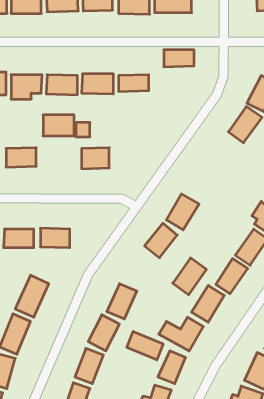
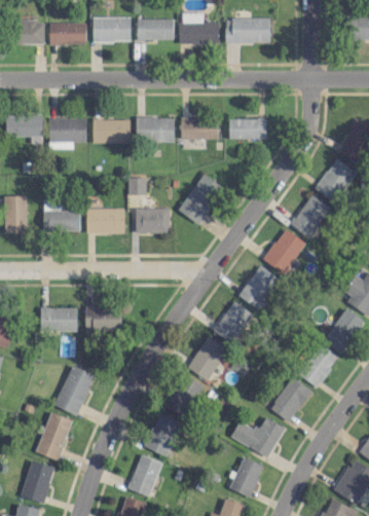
building: [164,50,194,67] -> [229,118,266,139]
building: [43,115,74,136] -> [86,208,124,233]
building: none -> [178,173,225,224]
building: none -> [290,194,331,237]
building: none -> [263,227,305,273]
building: [173,258,206,295] -> [187,335,228,380]
building: [127,331,163,360] -> none

